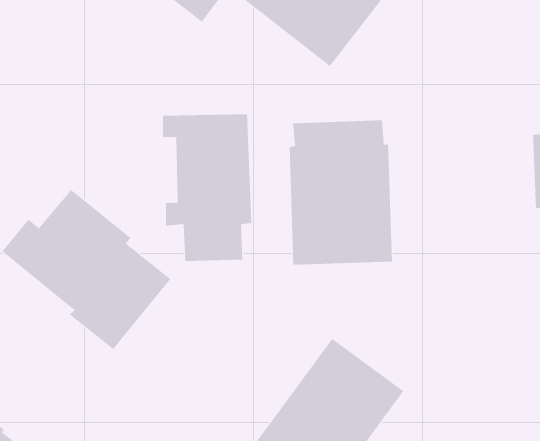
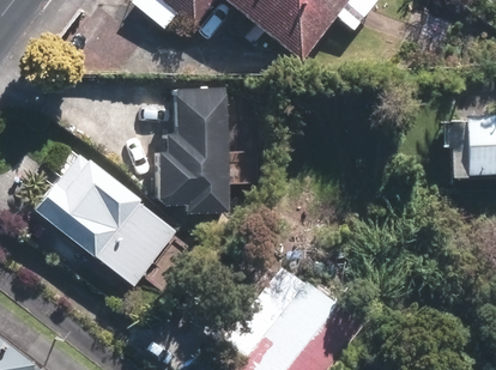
building: [289,119,393,265] -> none

